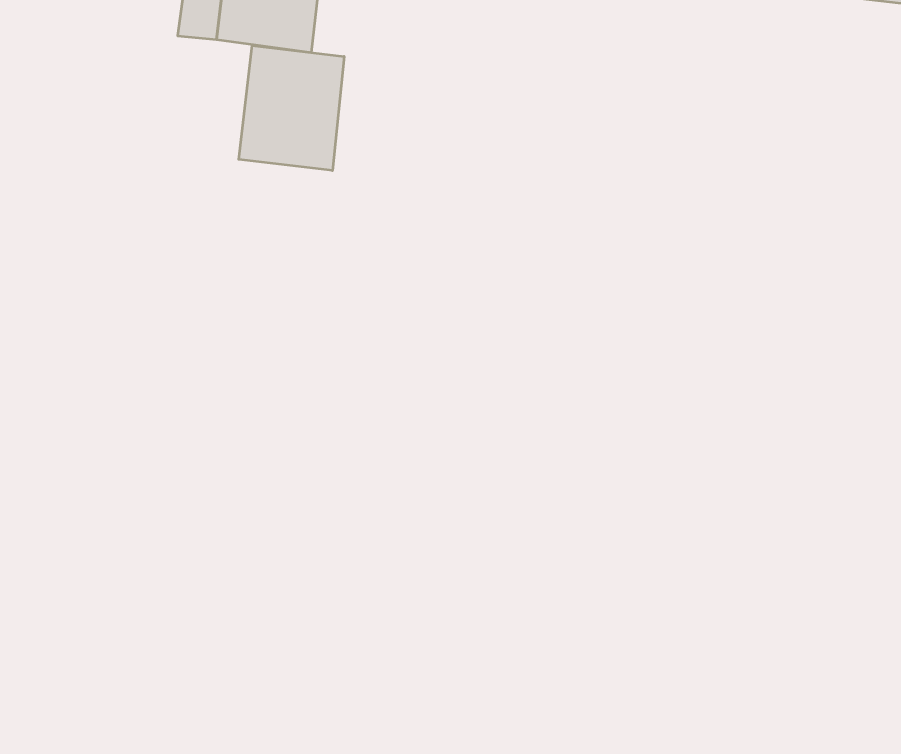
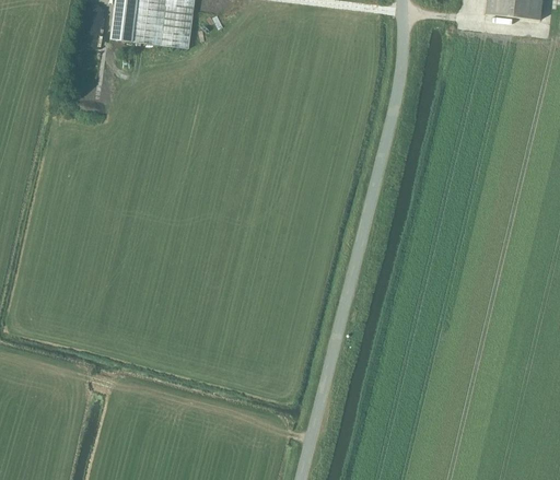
building: [239,46,344,171] -> none

